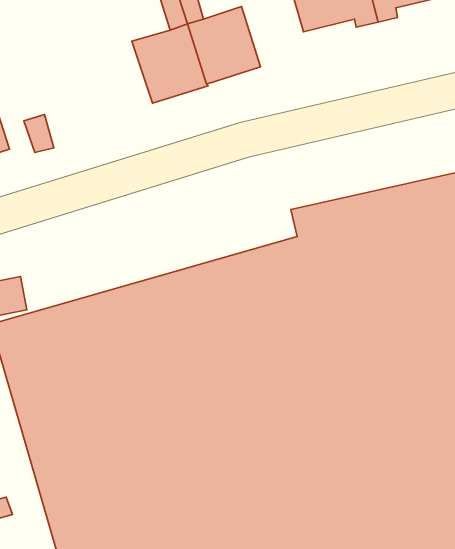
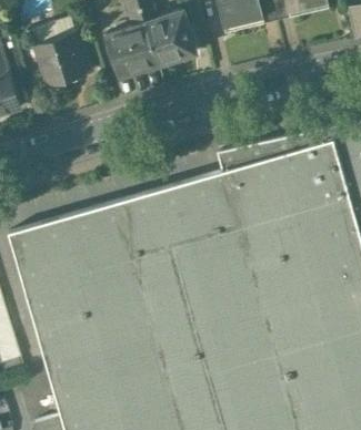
building: none -> [37,33,91,85]

